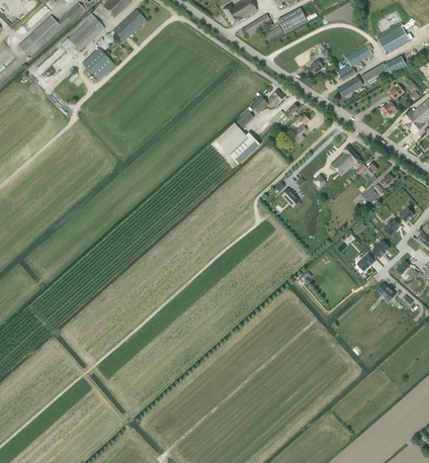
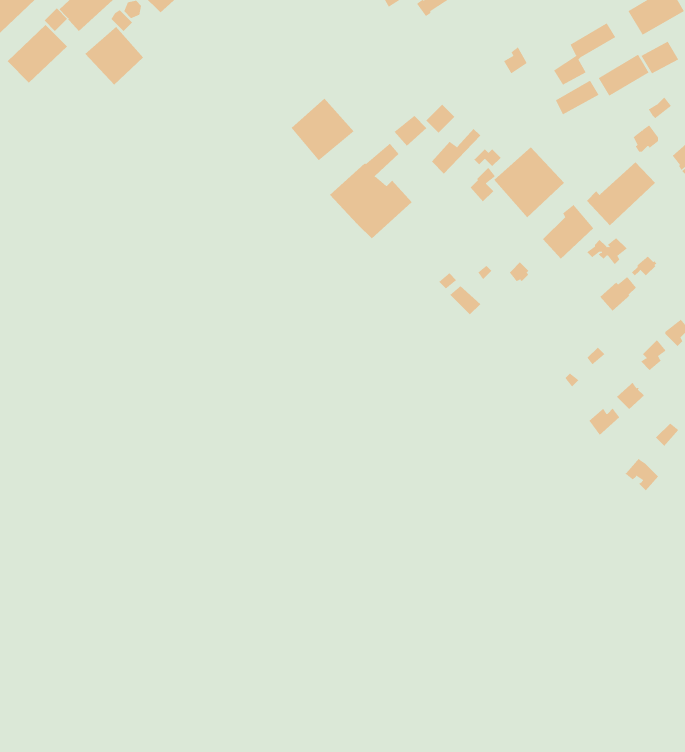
building: none -> [291,98,355,161]
building: none -> [493,147,565,218]
building: none -> [586,161,656,226]

